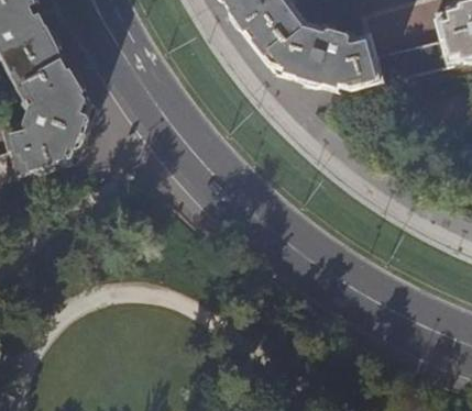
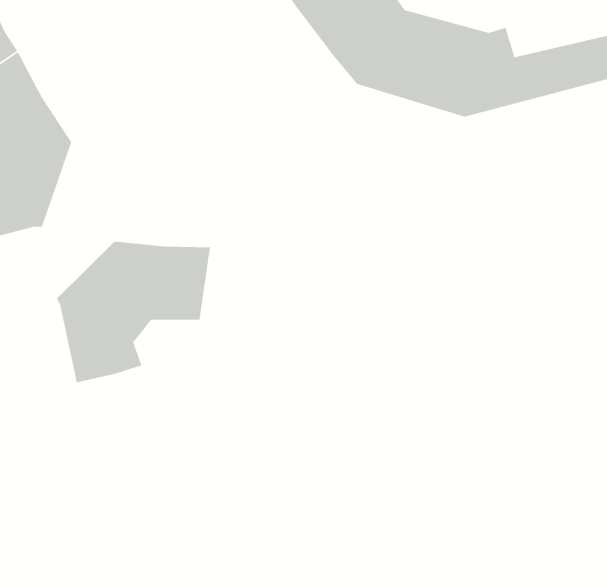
building: none -> [56,241,211,383]

